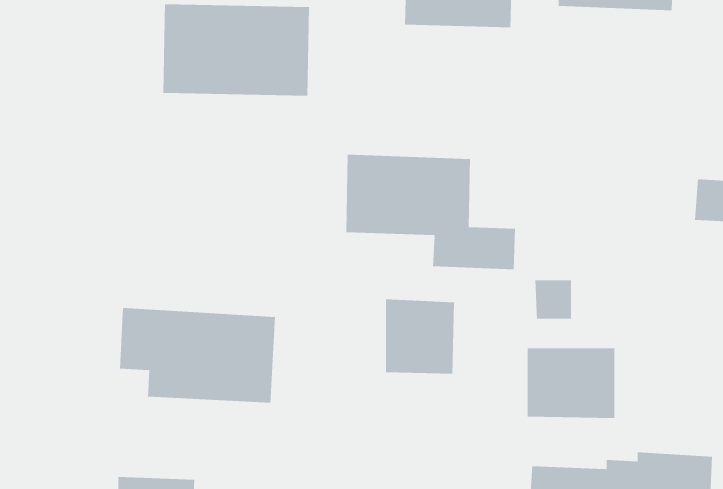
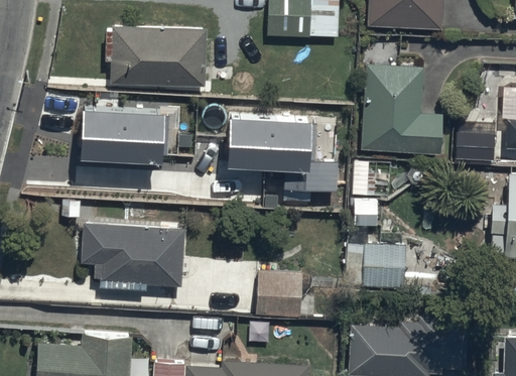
building: none -> [362,62,442,153]
building: none -> [82,112,169,169]
building: [385,299,455,375] -> [257,271,302,321]

